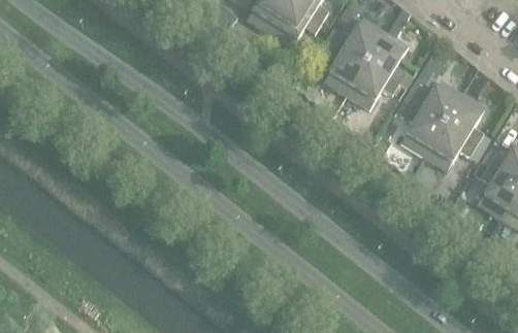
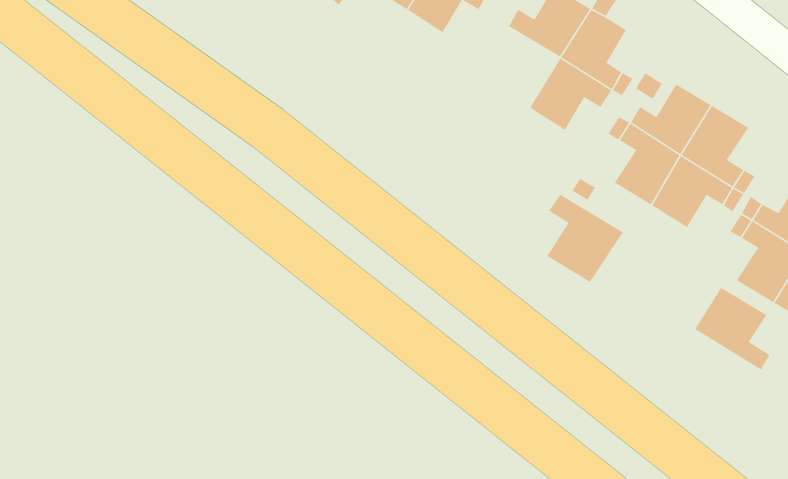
building: [321,40,364,92] -> none
building: none -> [546,194,624,283]
building: none -> [694,287,770,370]

